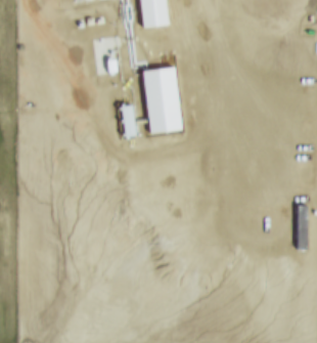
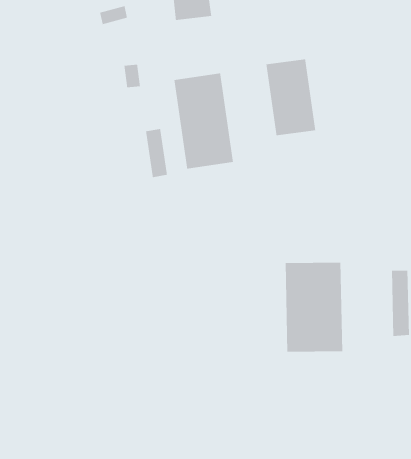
building: none -> [266,58,316,136]
building: none -> [285,262,343,353]

